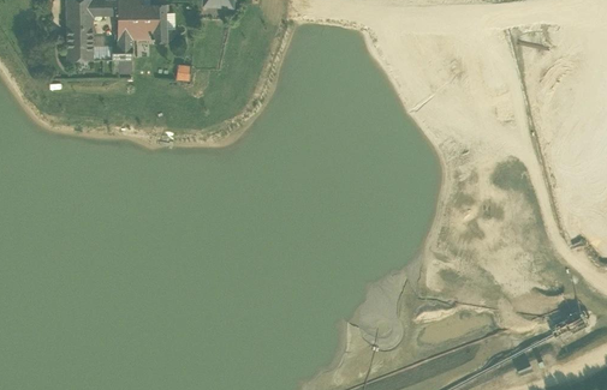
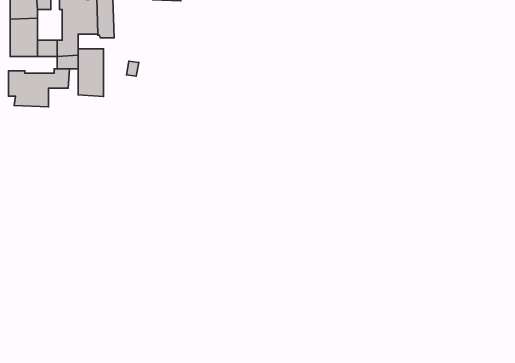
building: none -> [78,49,103,97]
building: none -> [8,69,69,107]

